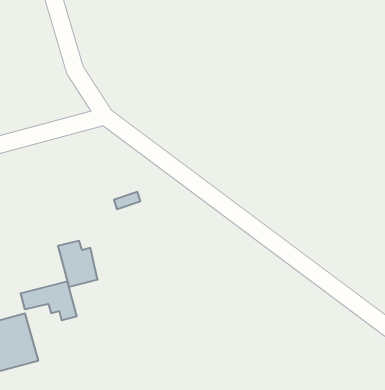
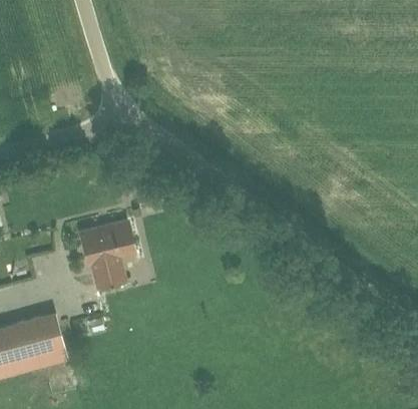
building: [20,281,77,320] -> [80,220,135,258]

